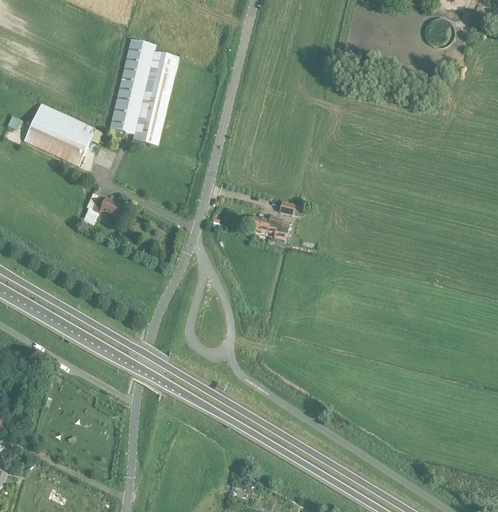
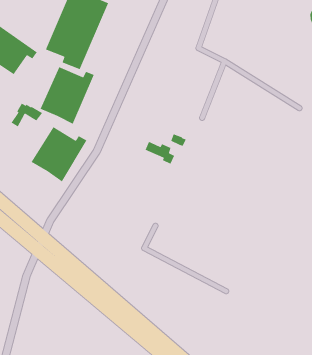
building: none -> [39,66,95,125]
building: none -> [30,126,87,182]

